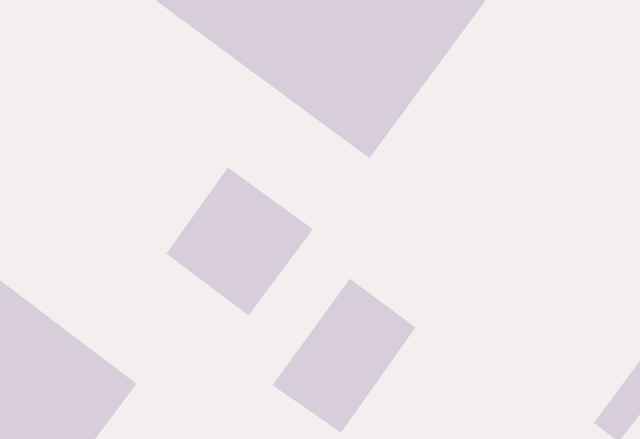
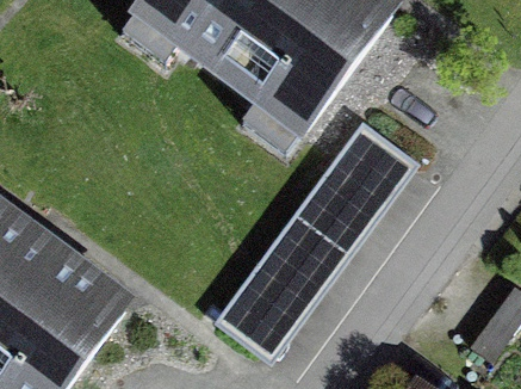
building: none -> [285,129,409,265]
building: [165,166,314,316] -> none

